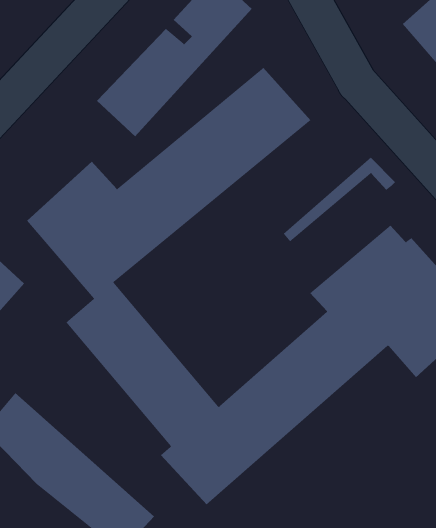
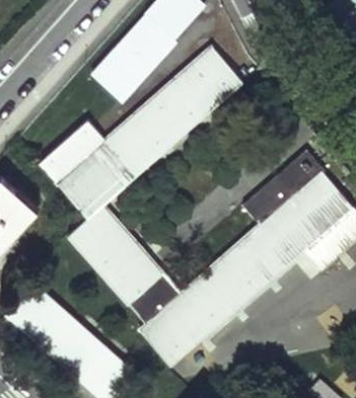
building: [283,157,396,242] -> [240,152,323,214]

